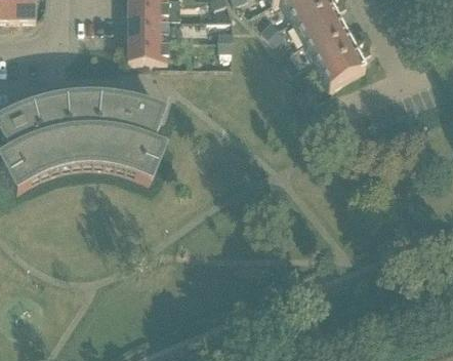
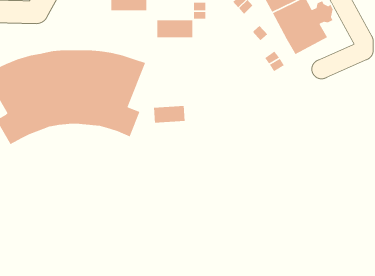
building: [127,43,167,64] -> [157,20,193,38]
building: none -> [153,105,186,123]

